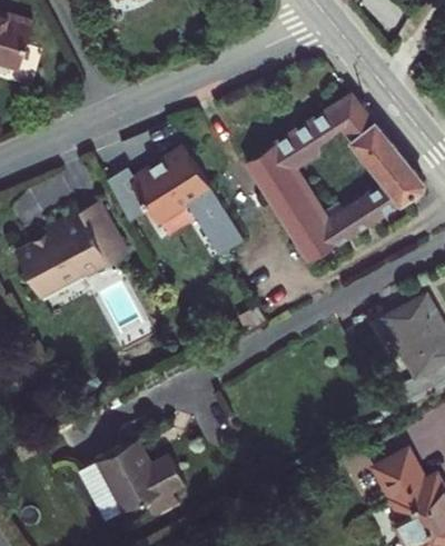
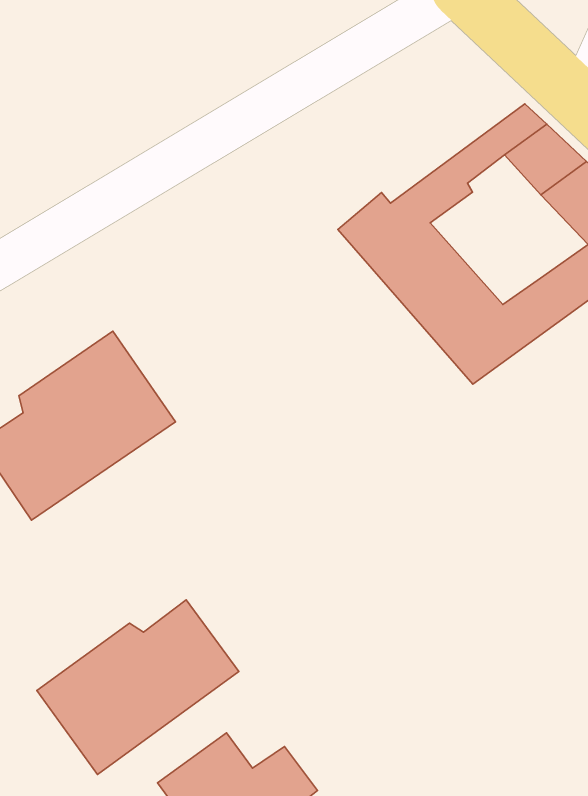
building: [100,142,241,252] -> none
building: none -> [37,600,239,775]

